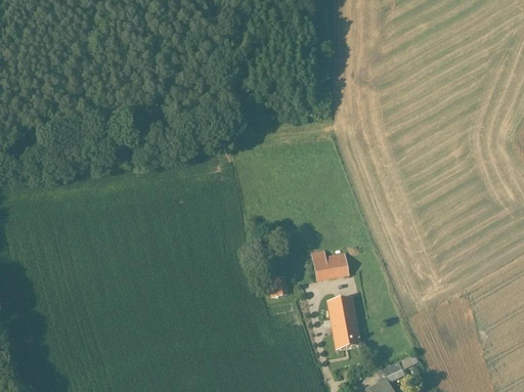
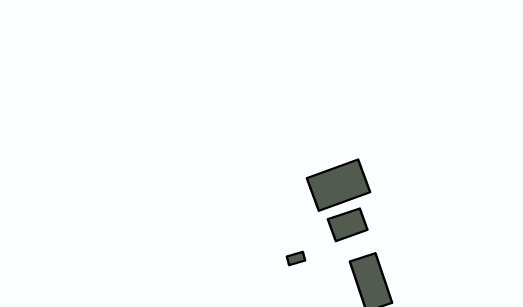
building: none -> [307,160,370,211]

